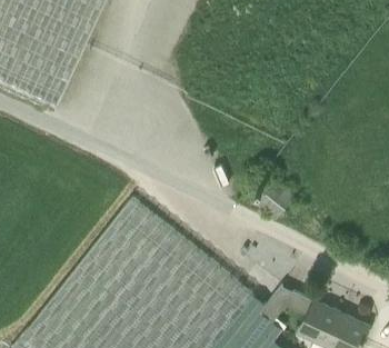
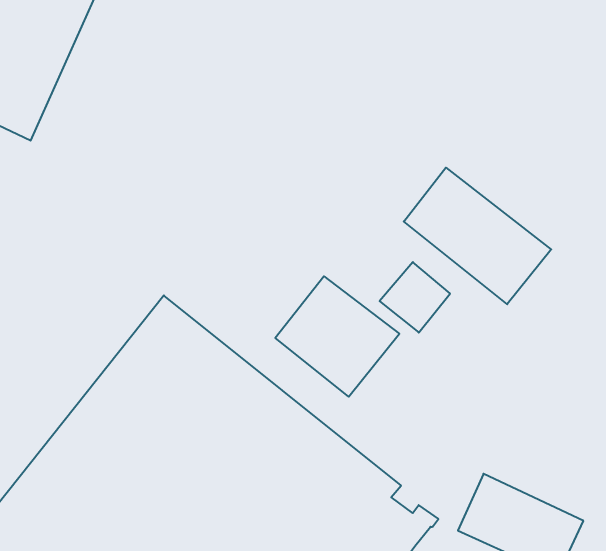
building: none -> [404,168,551,304]
building: none -> [275,276,399,397]

